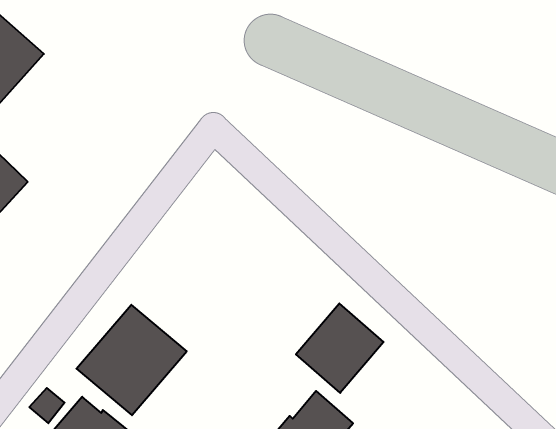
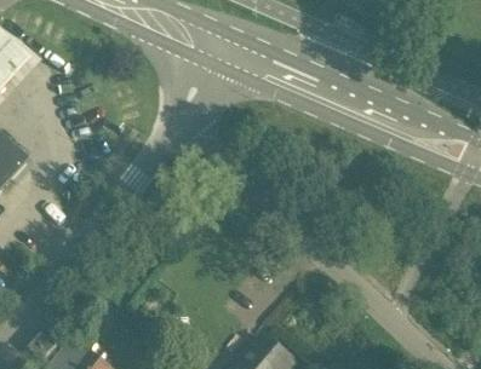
building: [296,303,384,393] -> none
building: [76,305,187,415] -> none

